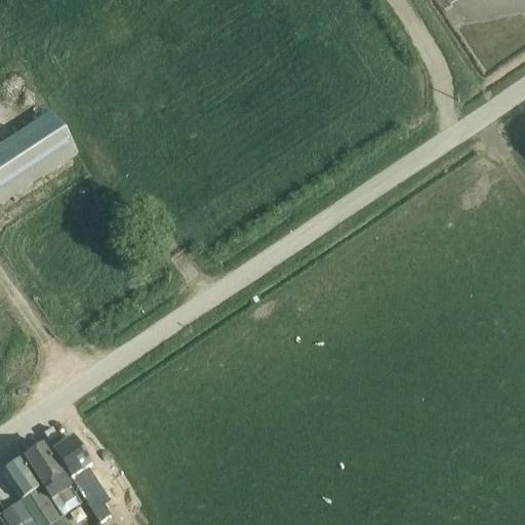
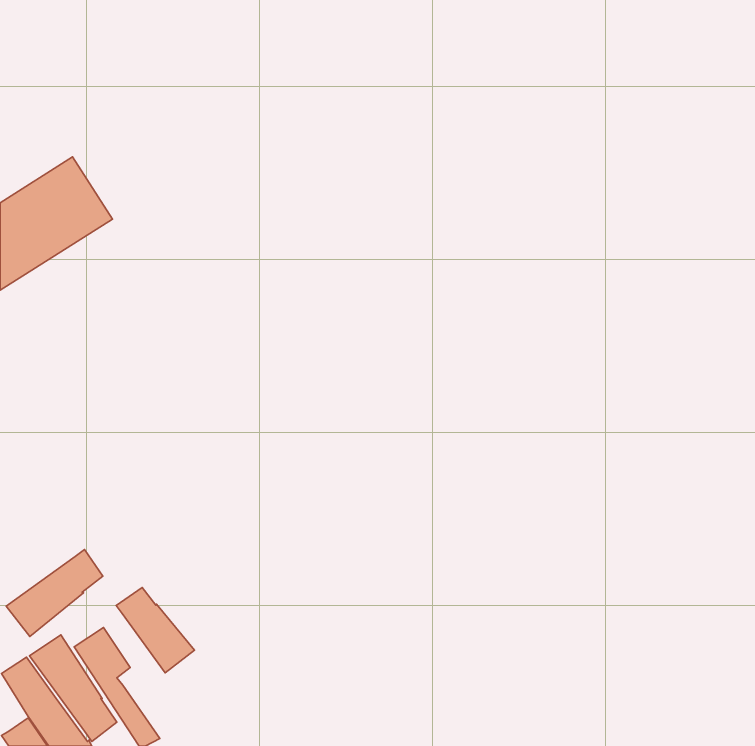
building: none -> [6,549,103,636]
building: none -> [116,587,194,673]

